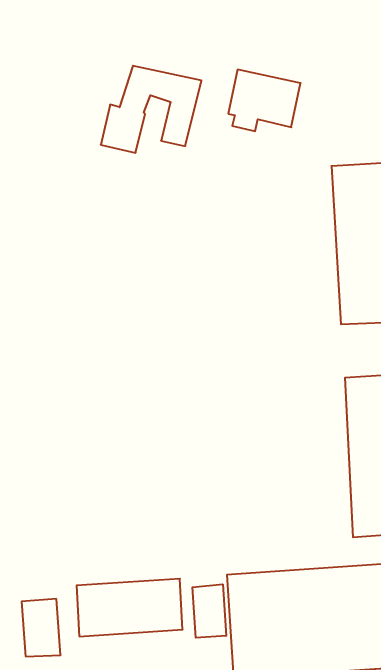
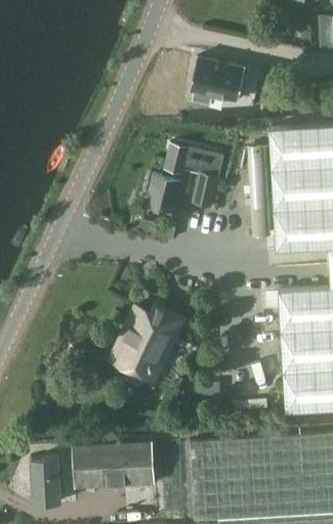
building: [101,66,201,153] -> [147,146,223,213]
building: none -> [113,309,180,377]
building: [192,584,226,638] -> none

